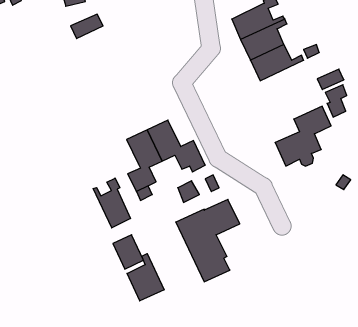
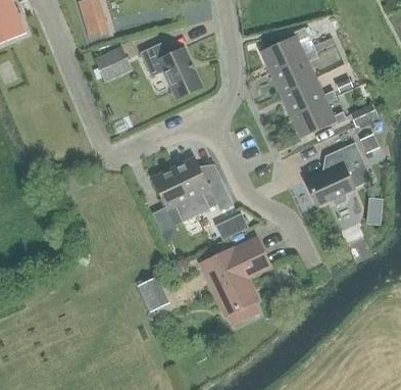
building: none -> [140,40,202,98]
building: none -> [291,94,347,137]
building: [93,178,130,228] -> none
building: [127,254,164,301] -> none

